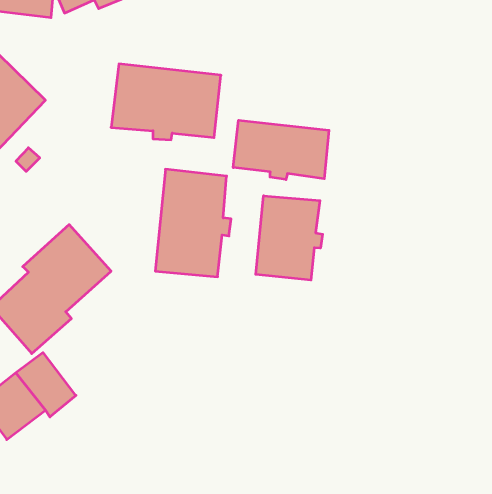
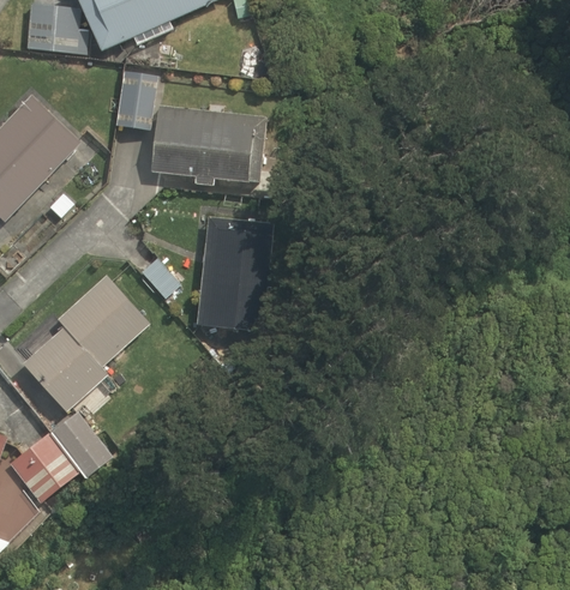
building: none -> [115,71,158,131]
building: [233,120,329,180] -> none
building: [256,196,323,280] -> none

